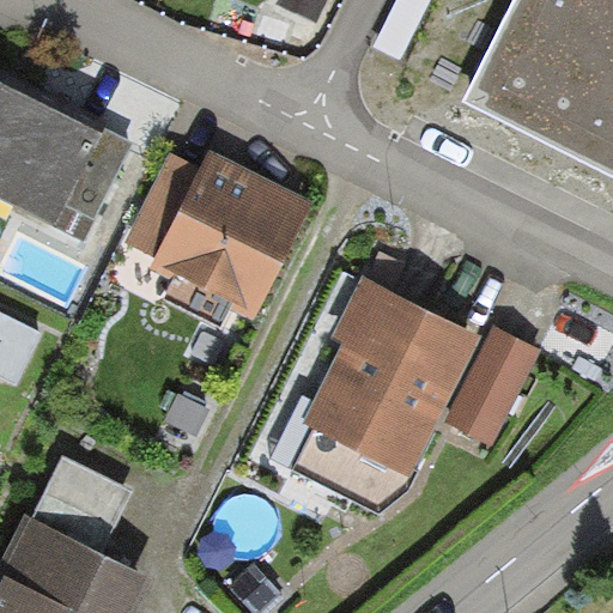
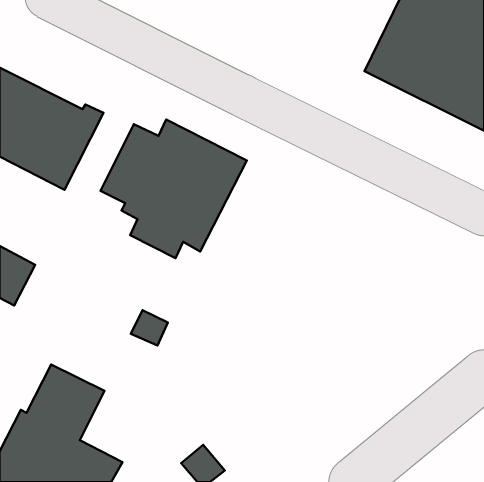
building: [291,278,478,515] -> none
building: [447,326,540,443] -> none

